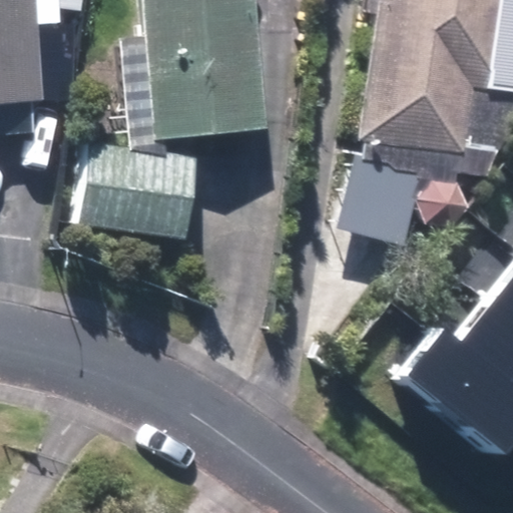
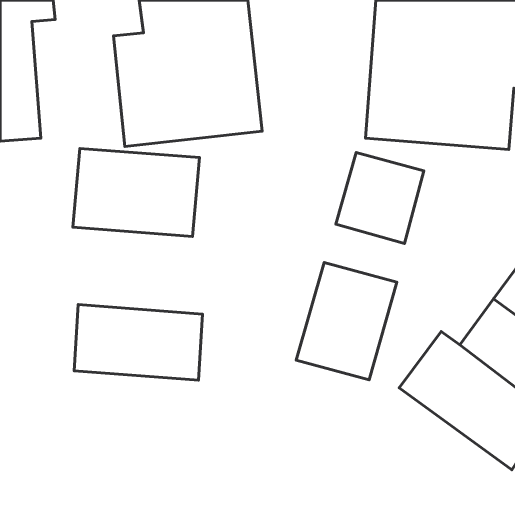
building: none -> [296,262,397,380]
building: none -> [74,305,202,380]

